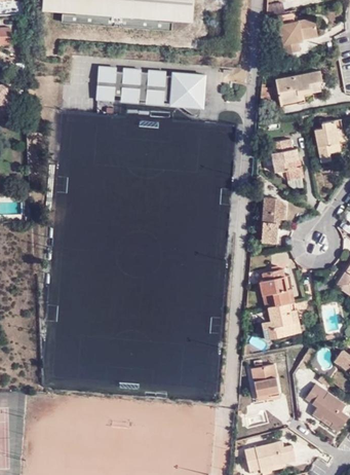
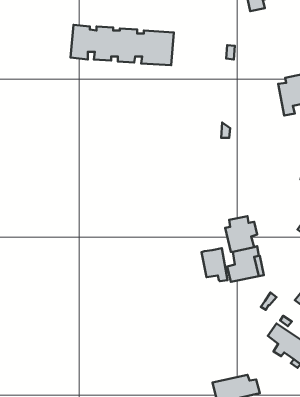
building: [277,69,324,105] -> none
building: [273,138,305,179] -> none
building: [263,195,285,244] -> none
building: [252,364,280,399] -> [202,248,228,281]

